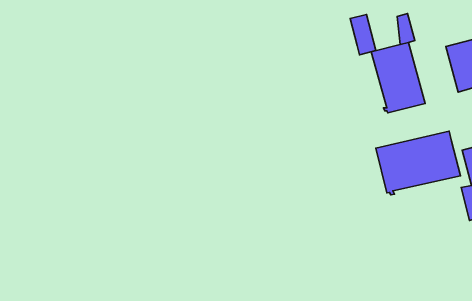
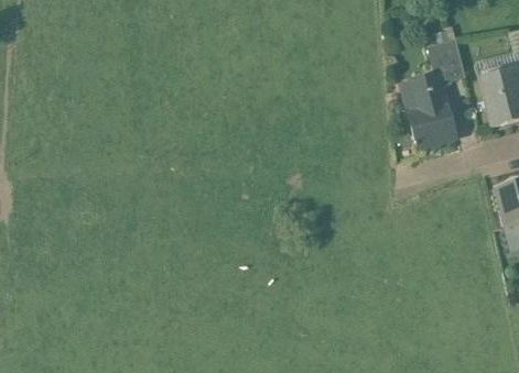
building: [350,14,376,55] -> [439,36,466,79]
building: [376,131,460,195] -> none

